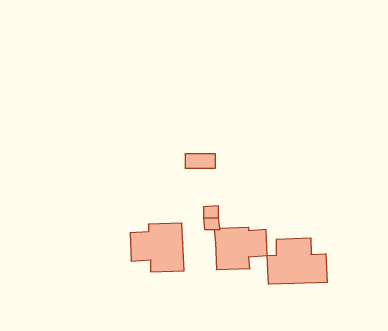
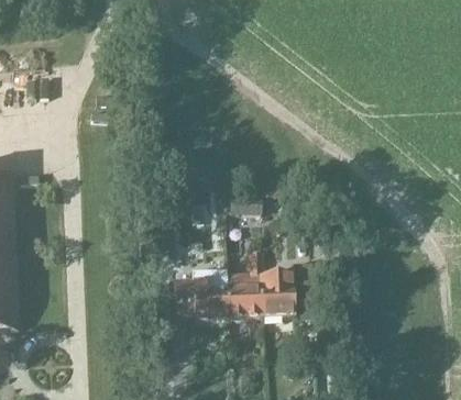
building: [267,238,327,284] -> none
building: none -> [228,285,262,313]

